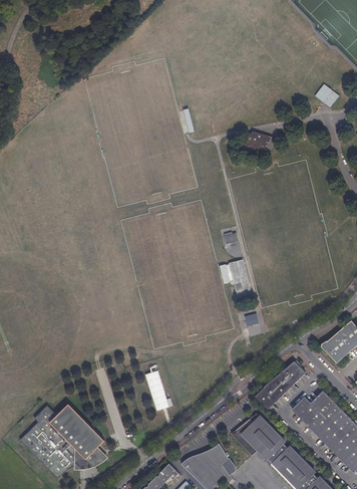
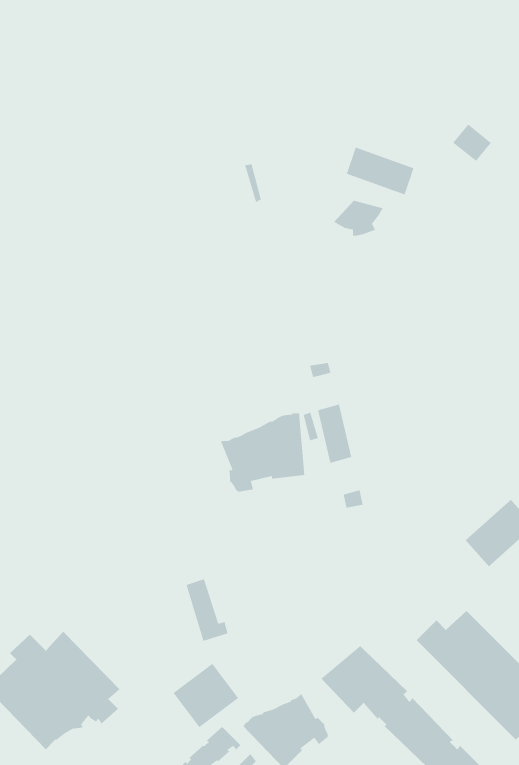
building: none -> [346,147,415,195]
building: none -> [220,412,305,493]
building: [254,360,304,408] -> none
building: none -> [172,663,239,728]

